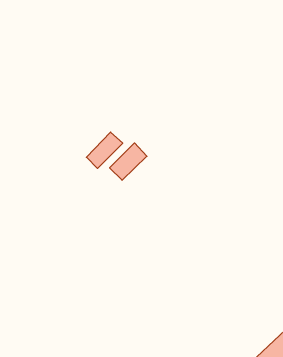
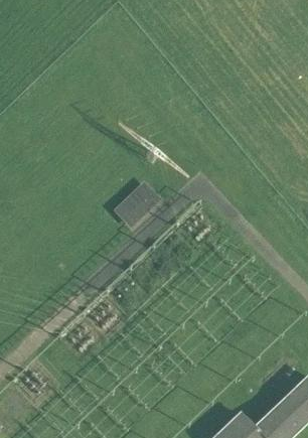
building: [86,132,123,168] -> none

